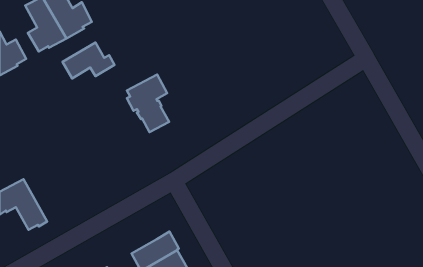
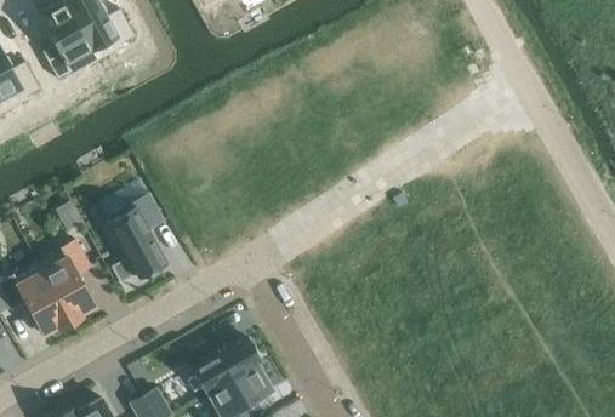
building: [62,43,115,78] -> none
building: [127,74,169,132] -> [106,194,166,276]
building: none -> [36,240,95,322]

